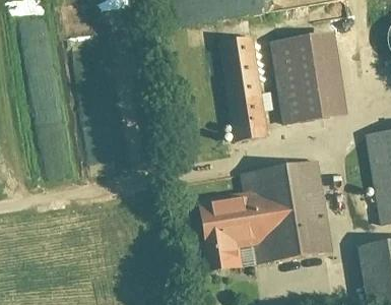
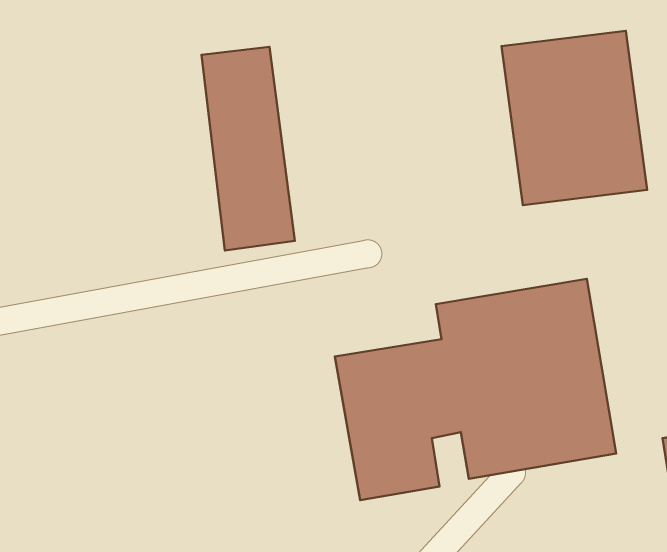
building: [215,36,264,142] -> [202,47,295,251]

